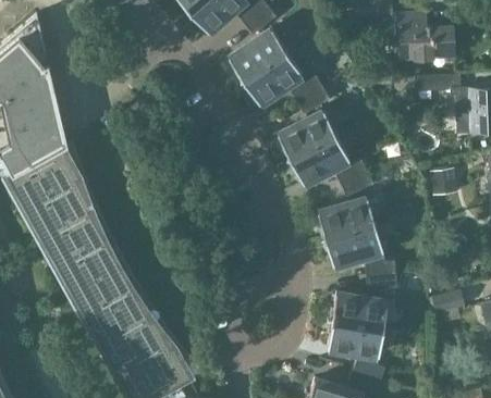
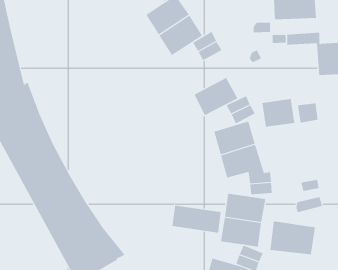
building: [275,109,334,160] -> none
building: none -> [262,98,295,127]
building: none -> [172,205,221,233]
building: none -> [270,221,315,255]

